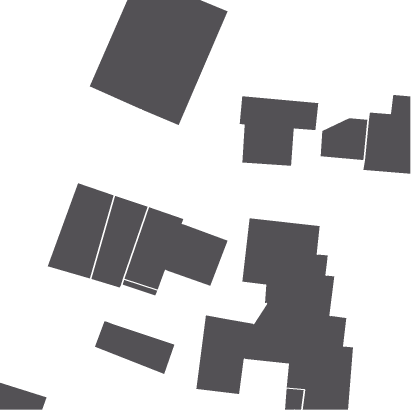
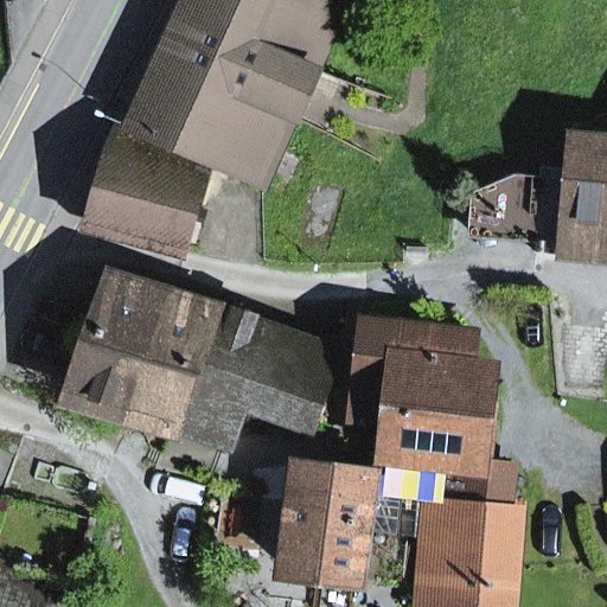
building: none -> [90,127,207,247]
building: [239,95,319,166] -> none
building: [94,321,175,375] -> none

